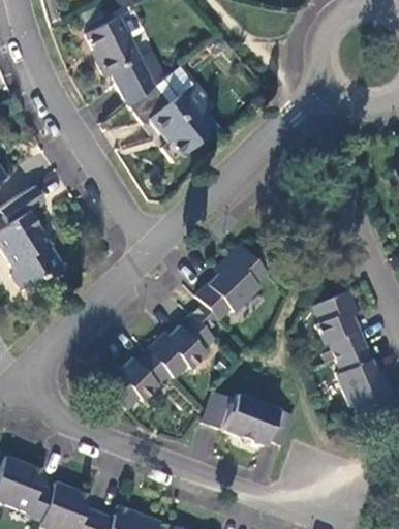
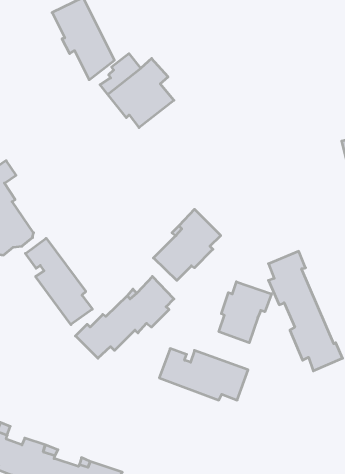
building: none -> [25,238,92,325]
building: none -> [219,282,271,343]

